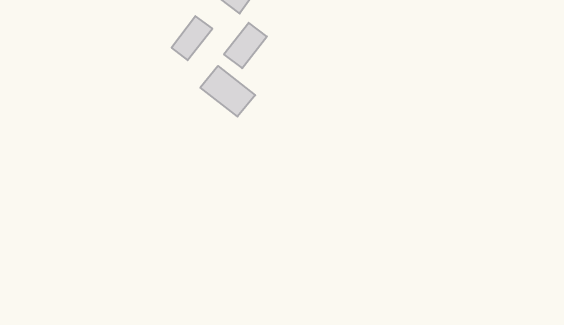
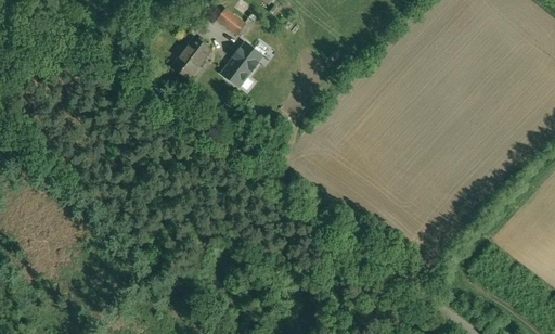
building: [200,66,255,117] -> none

